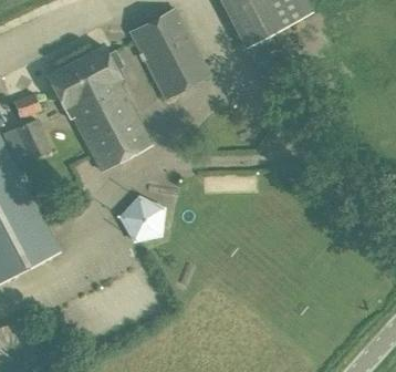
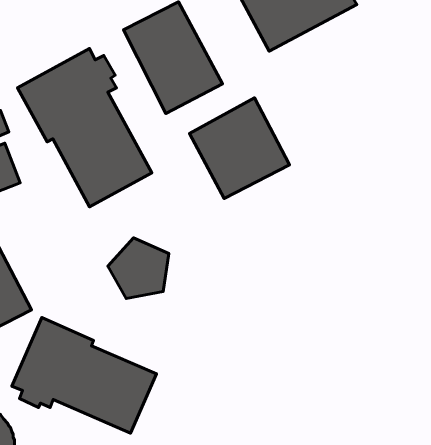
building: none -> [189,98,290,198]
building: none -> [12,318,156,433]

